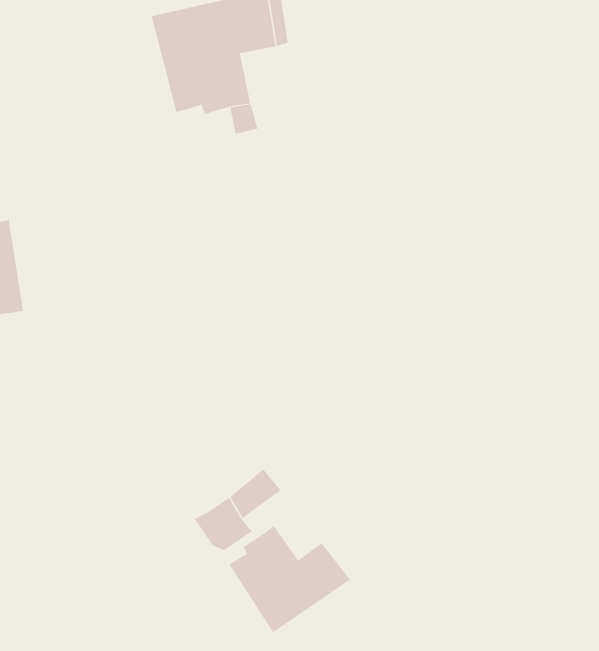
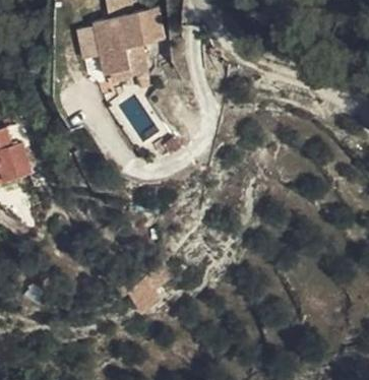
building: [229,525,351,633] -> none

